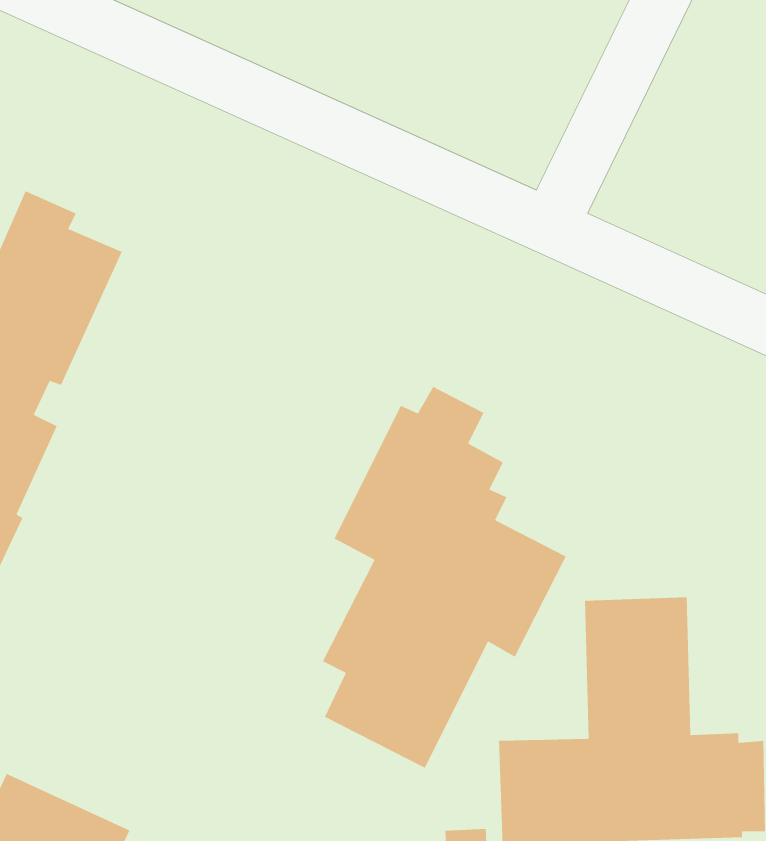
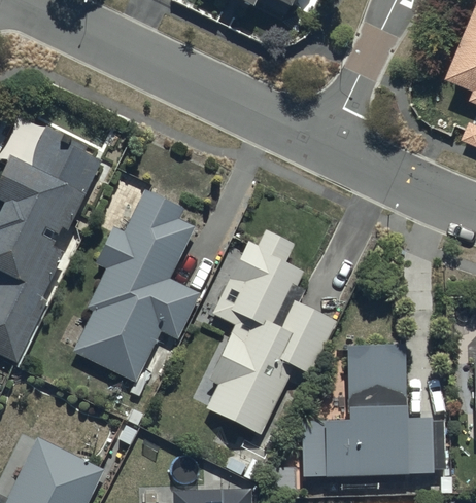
building: none -> [72,188,200,383]

